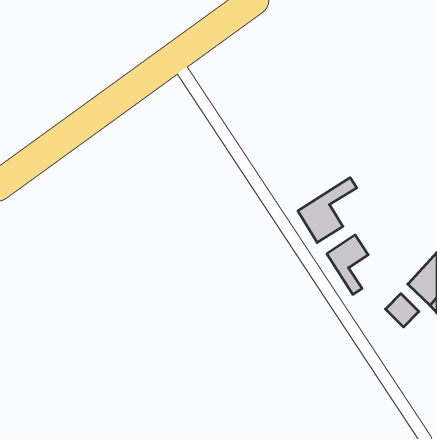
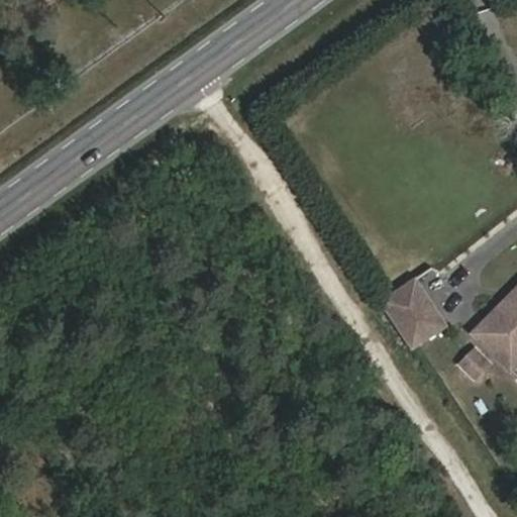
building: [298,178,357,243] -> none
building: none -> [409,300,447,339]

